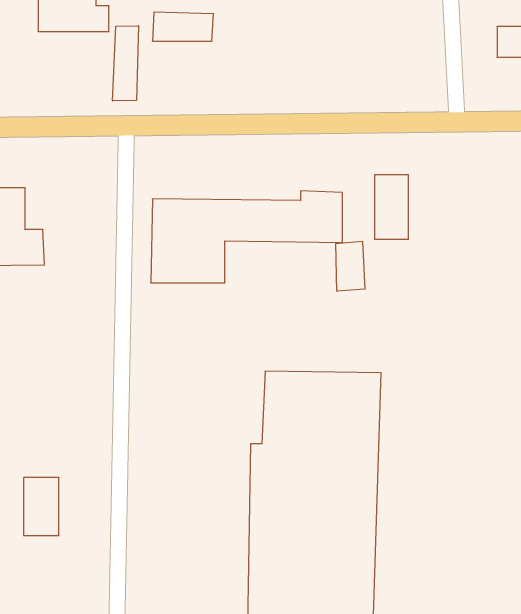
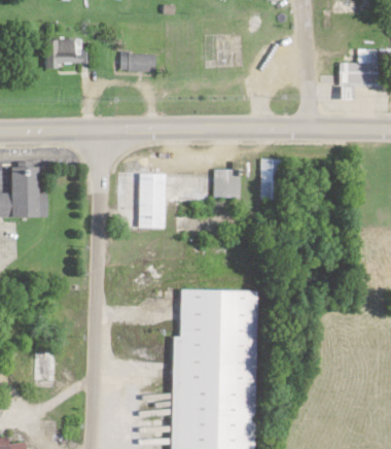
building: [113,26,139,101] -> none
building: [336,241,365,291] -> none

